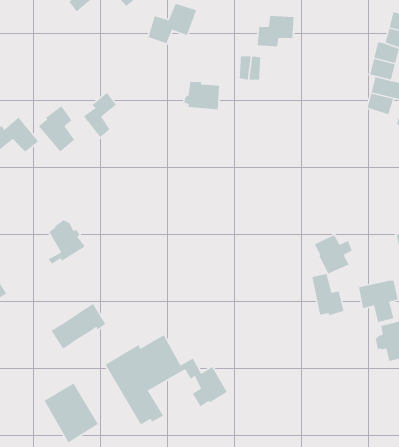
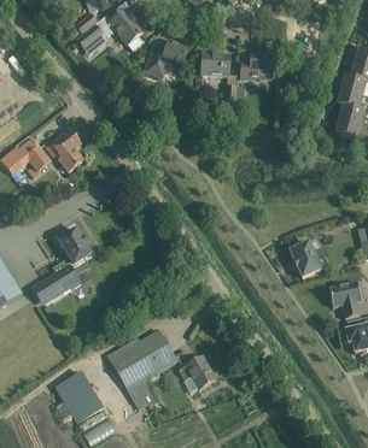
building: [184,81,220,110] -> [198,51,229,76]
building: [83,92,117,138] -> none
building: [312,273,345,316] -> none
building: [50,303,107,350] -> [31,263,81,303]

